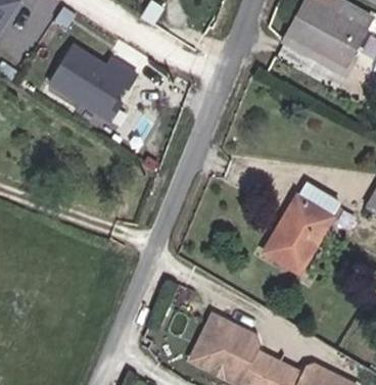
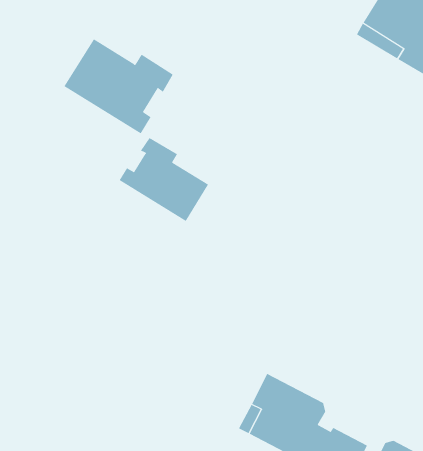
building: none -> [119,137,209,222]
building: [261,193,332,272] -> none

